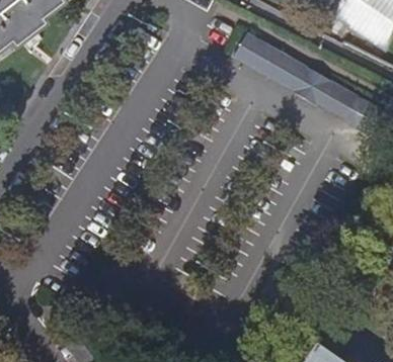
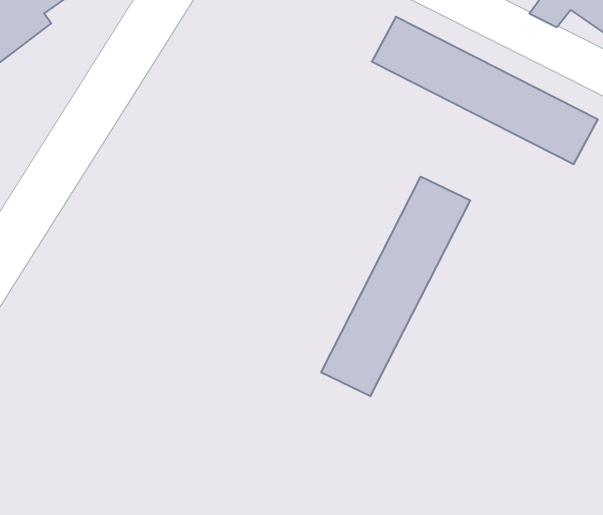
building: none -> [321,177,470,396]

